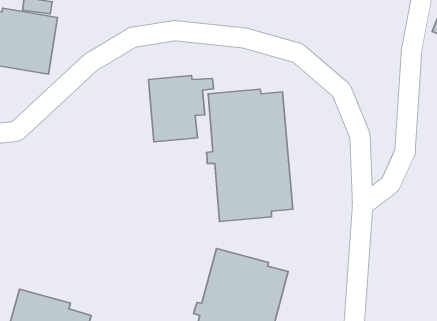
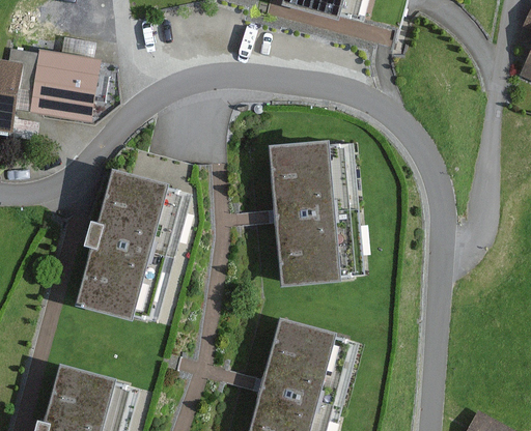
building: [149,76,214,142] -> none
building: none -> [75,170,191,322]

